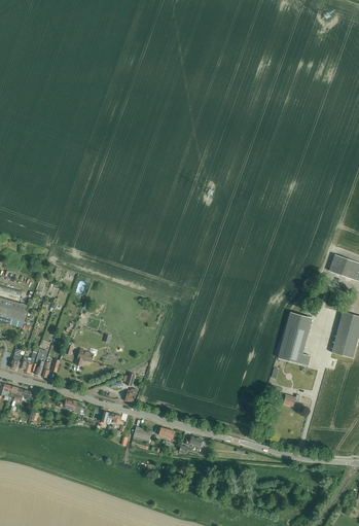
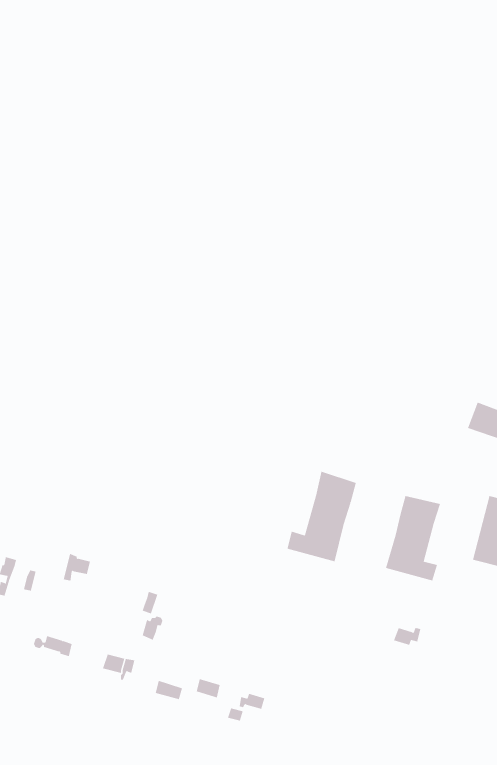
building: none -> [287,471,356,562]

